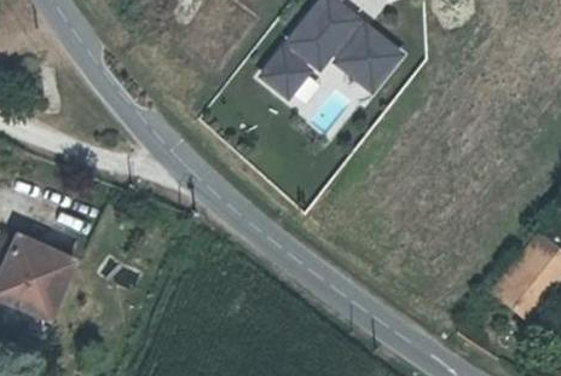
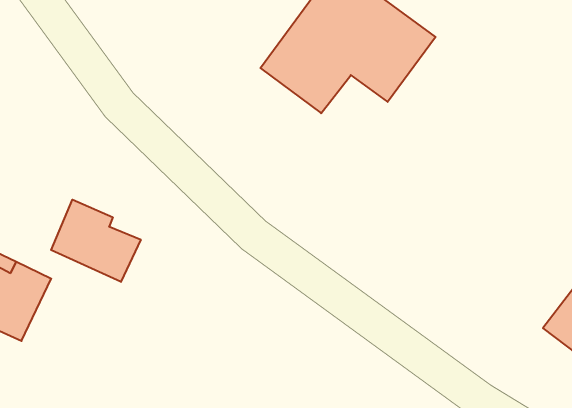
building: none -> [51,200,141,282]

